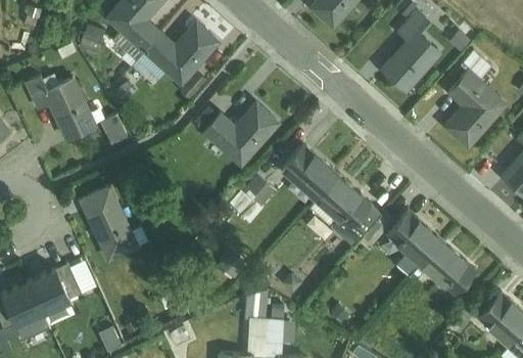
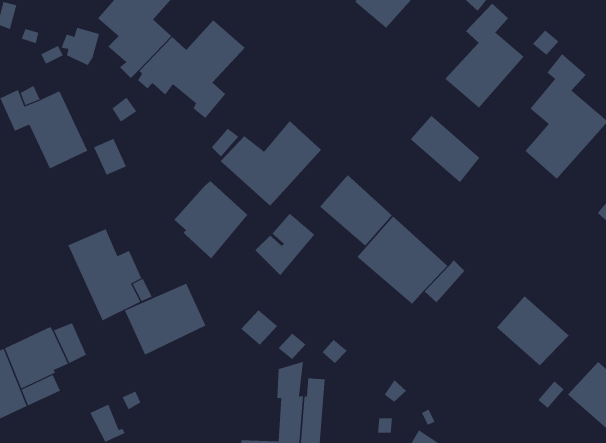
building: none -> [410,115,480,183]
building: none -> [174,180,248,259]
building: [385,211,442,278] -> none
building: none -> [124,283,206,355]

